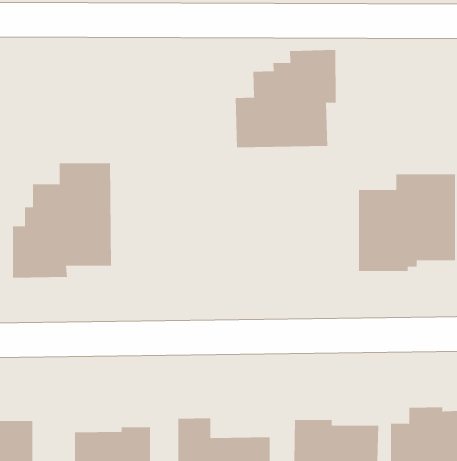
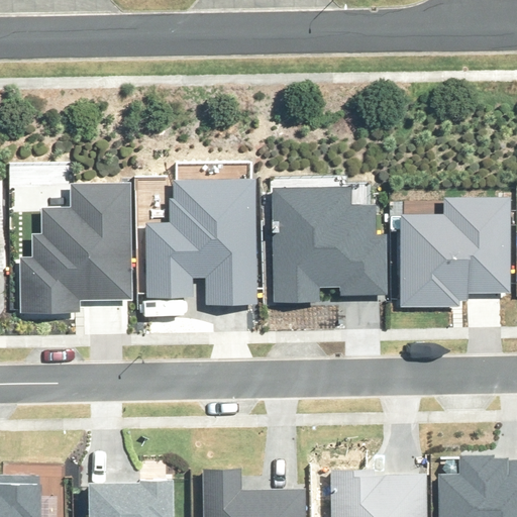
building: [235,49,336,148] -> none
building: none -> [144,179,254,305]
building: none -> [270,186,388,303]

